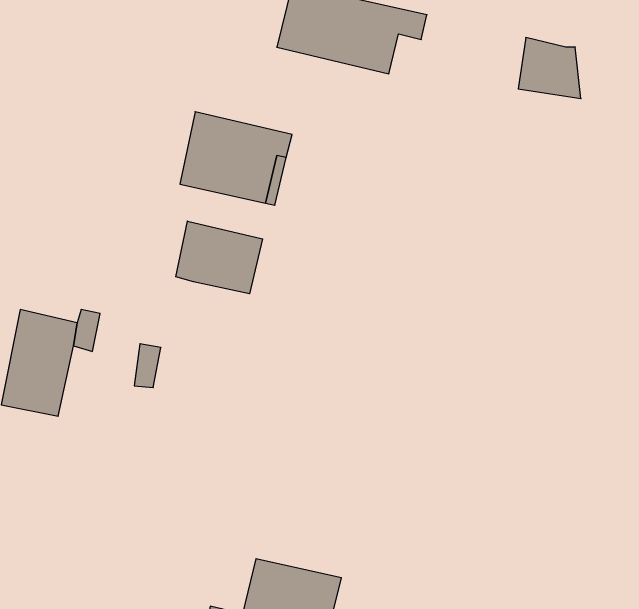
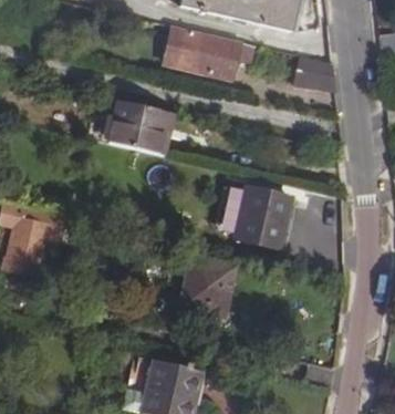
building: [176,221,263,294] -> none
building: none -> [235,187,292,250]
building: none -> [179,257,236,318]

